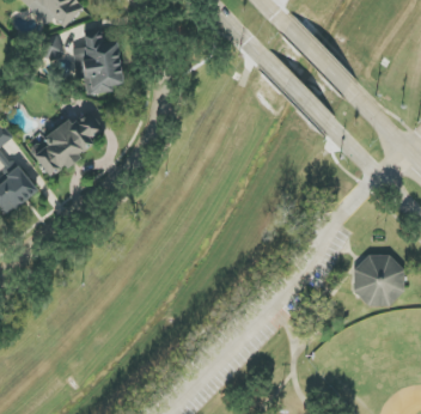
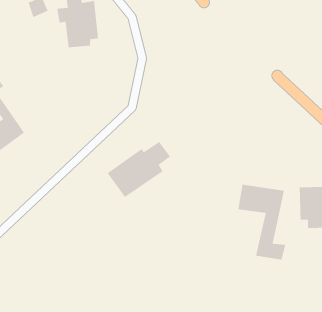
building: [29,111,103,177] -> [107,141,171,198]
building: none -> [238,184,286,260]

